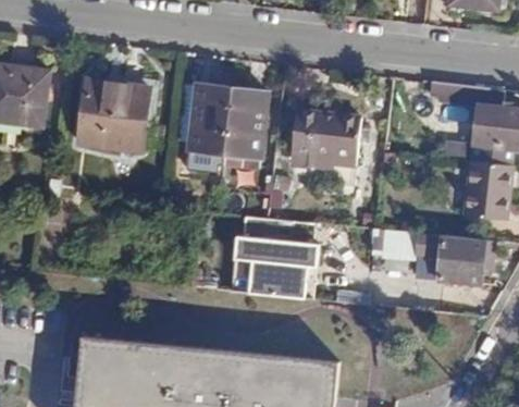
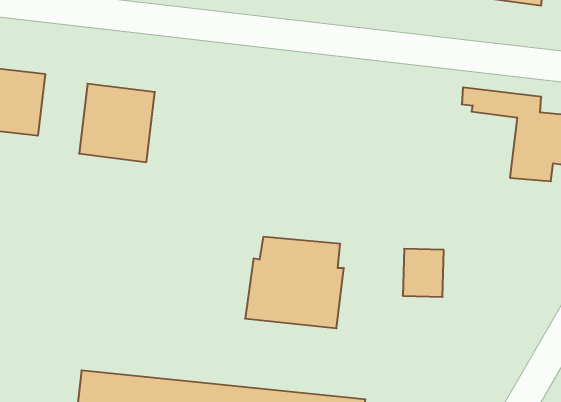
building: [187,86,264,158] -> none
building: [288,110,357,157] -> none
building: [459,162,505,220] -> none
building: [417,239,486,292] -> none

